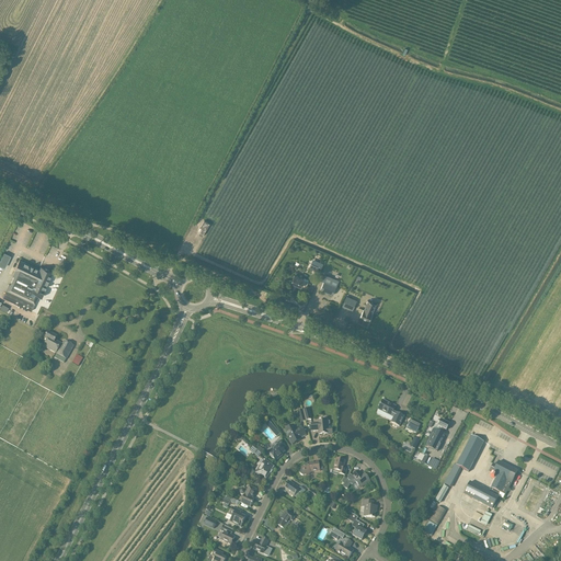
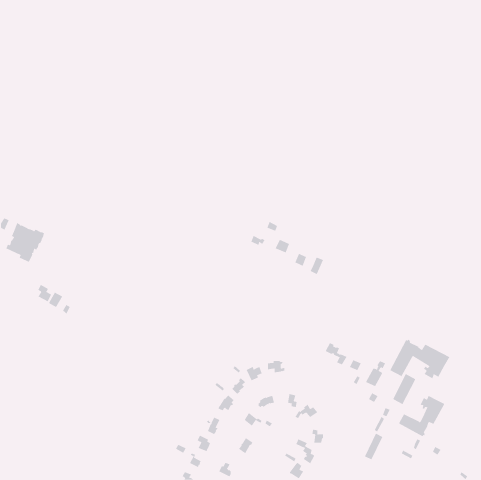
building: none -> [390,338,450,379]

